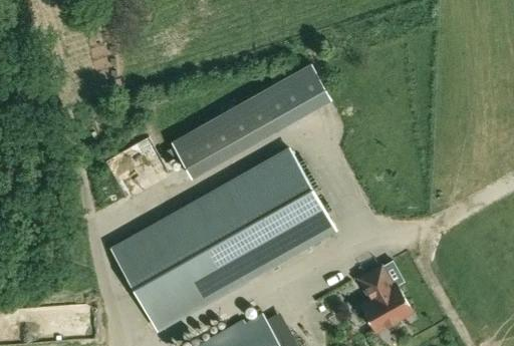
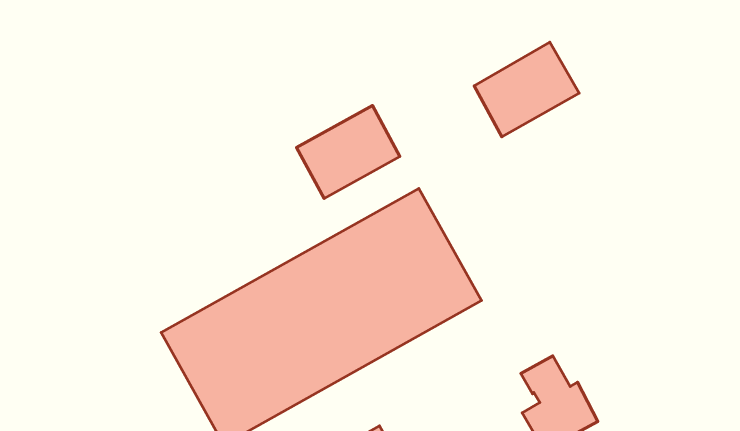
building: [257,63,329,128] -> [474,42,579,137]
building: [170,122,224,177] -> none

